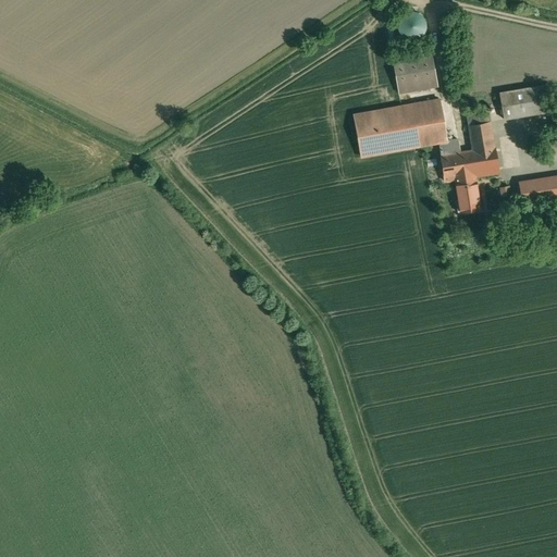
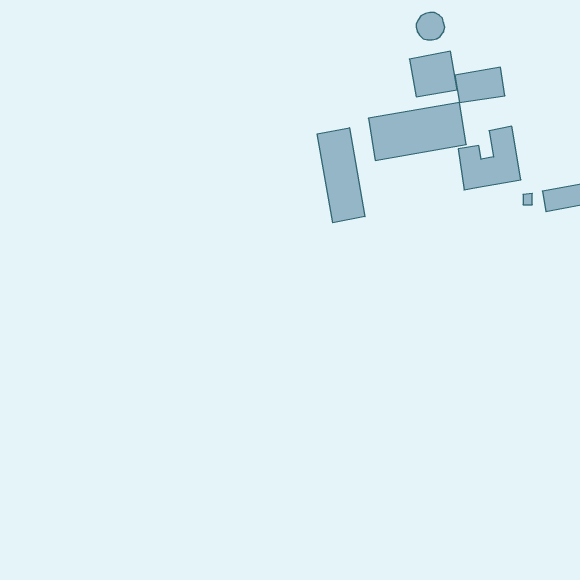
building: [500,86,548,120] -> [455,67,505,103]
building: none -> [317,128,365,223]
building: [457,177,481,213] -> none

